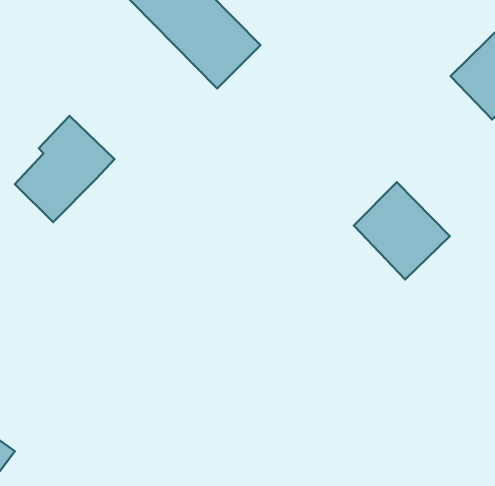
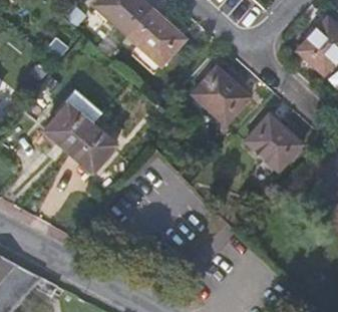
building: none -> [191,67,249,124]
building: none -> [67,123,116,173]

